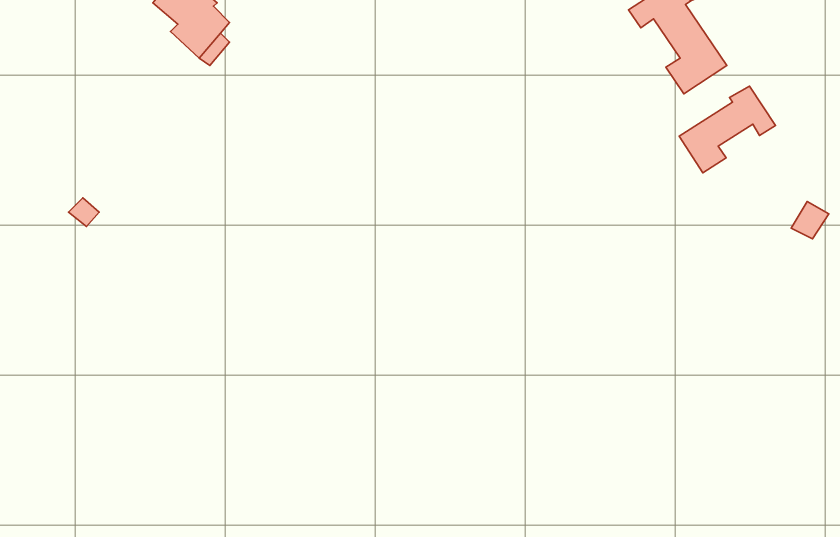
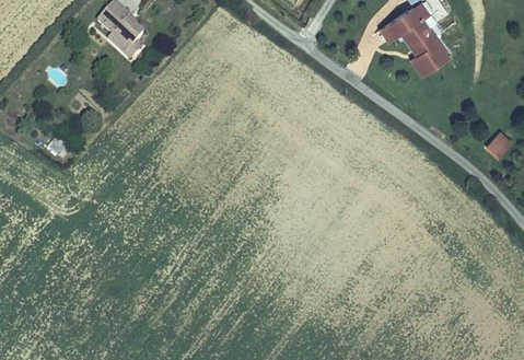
building: [679,86,776,173] -> none

